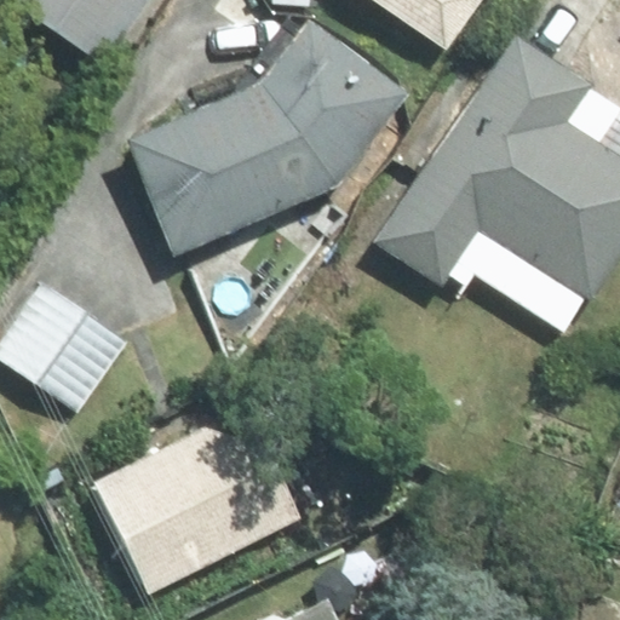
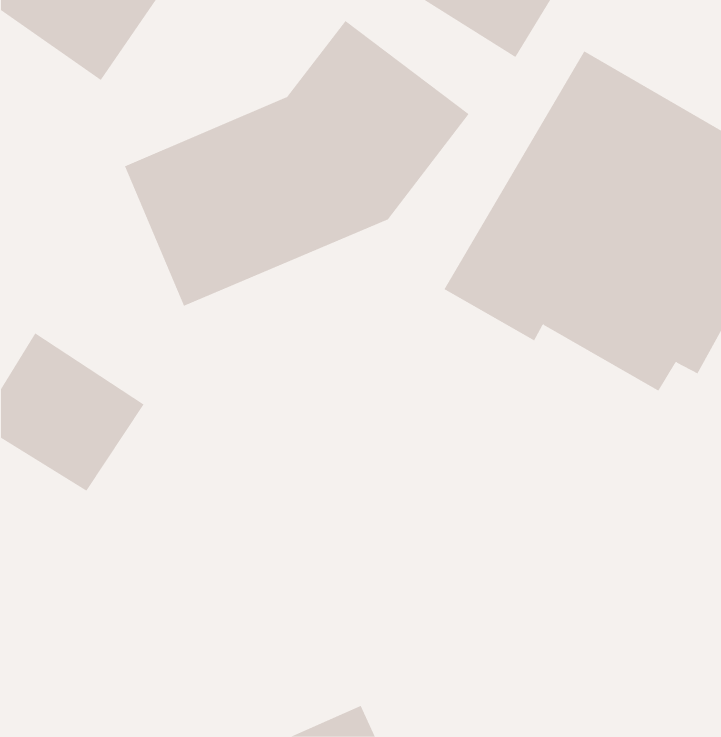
building: [86,398,311,599] -> none

